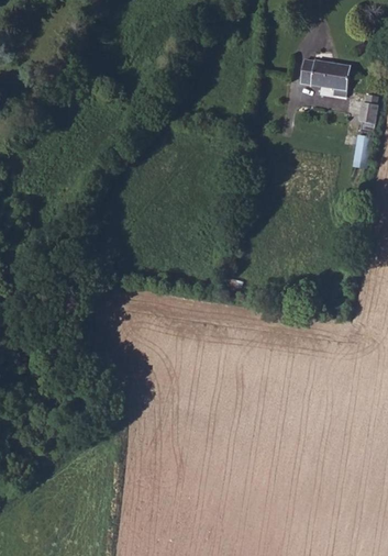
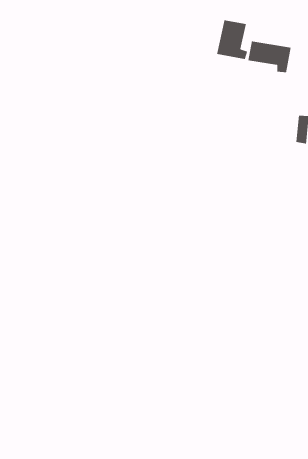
building: none -> [217,20,248,60]

